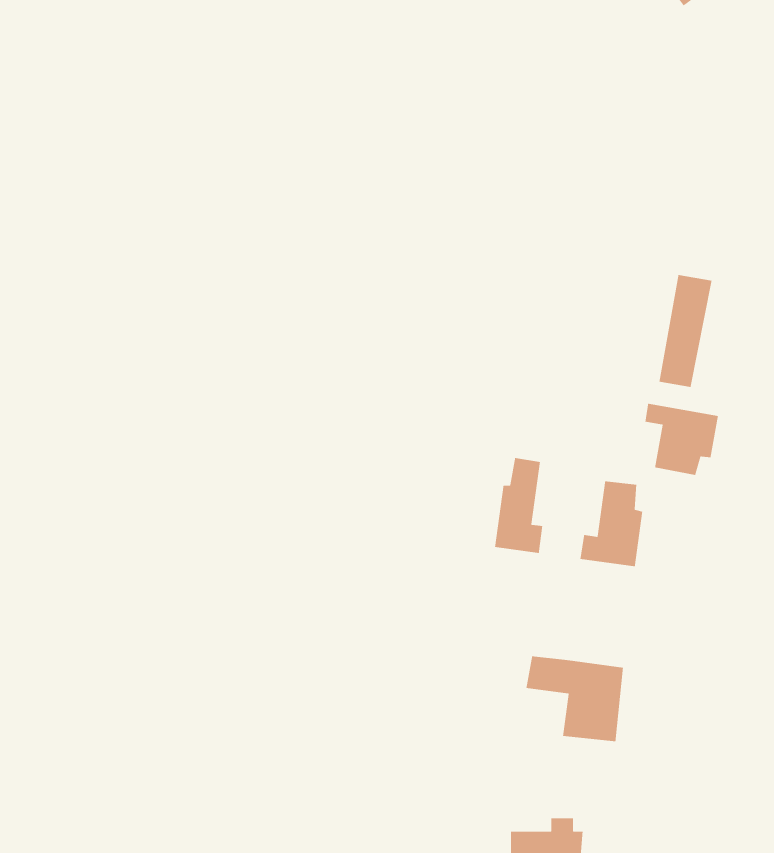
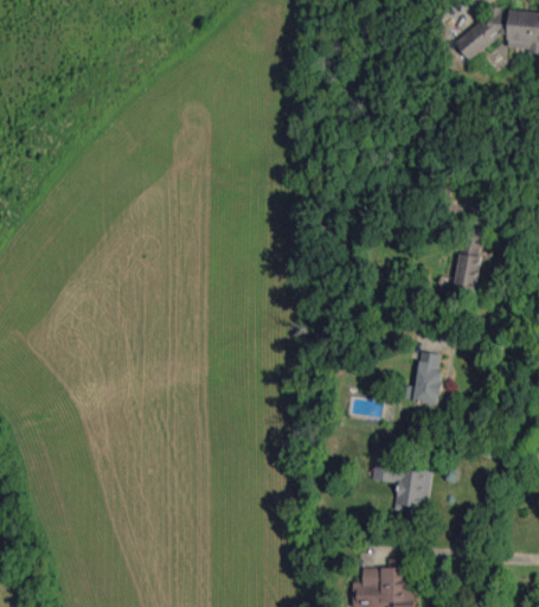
building: [645,403,719,476] -> none
building: [494,457,543,554] -> none

